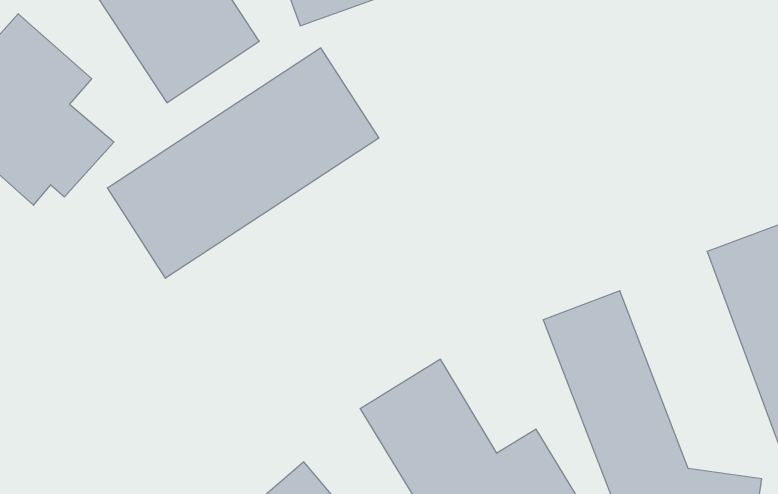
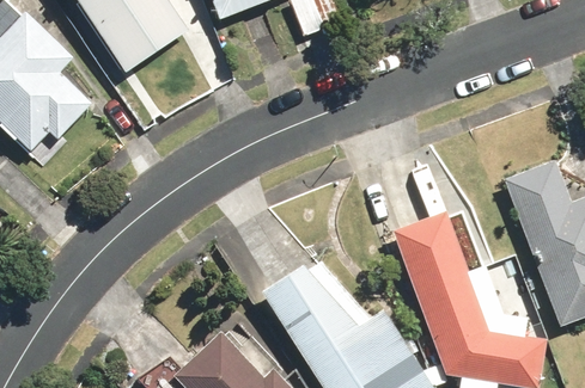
building: [107,48,379,278] -> none

